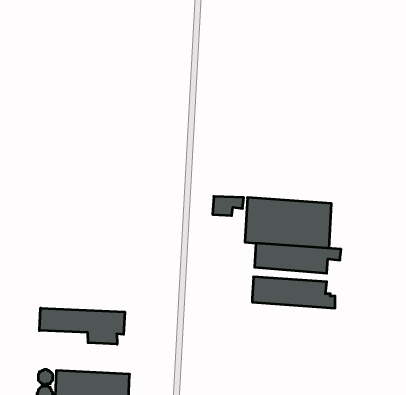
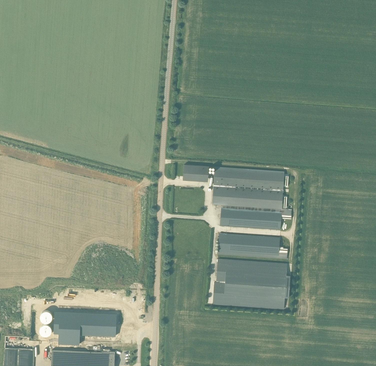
building: [39,308,125,344] -> none
building: none -> [212,259,290,309]

